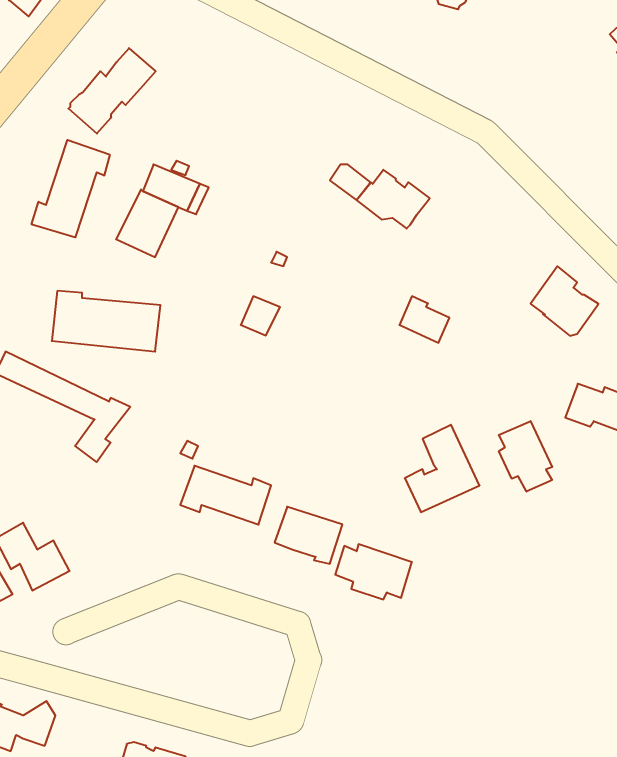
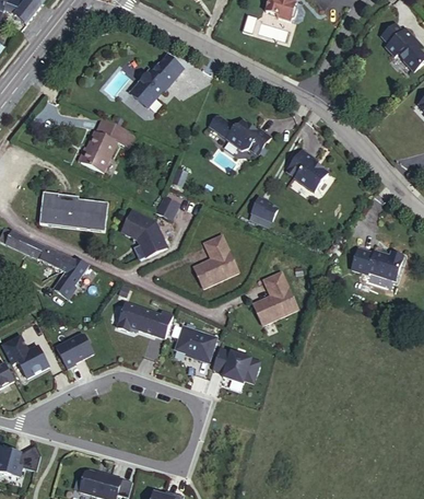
building: [68,48,156,134] -> [128,53,181,105]
building: [32,140,110,237] -> none
building: [531,266,598,336] -> [286,149,328,192]
building: none -> [118,210,165,258]
building: none -> [193,240,239,293]
building: [499,421,552,492] -> none
building: none -> [57,335,93,368]

